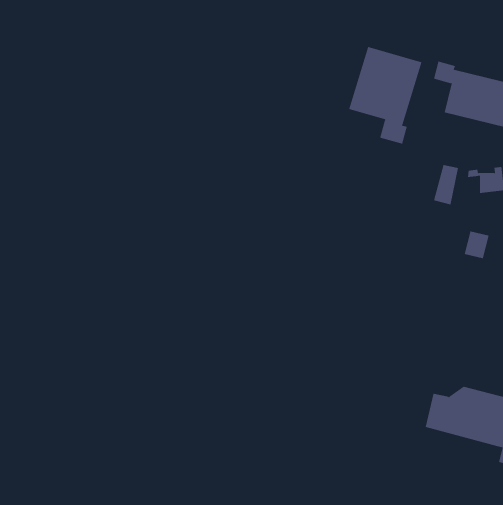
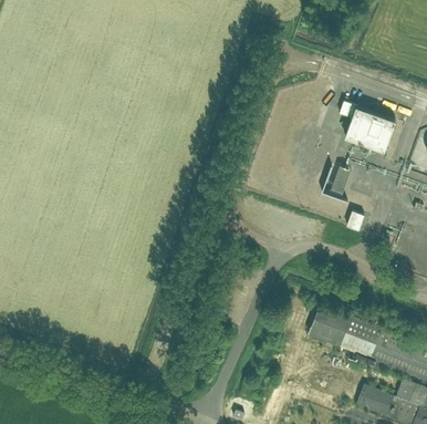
building: [349,46,422,145] -> none

